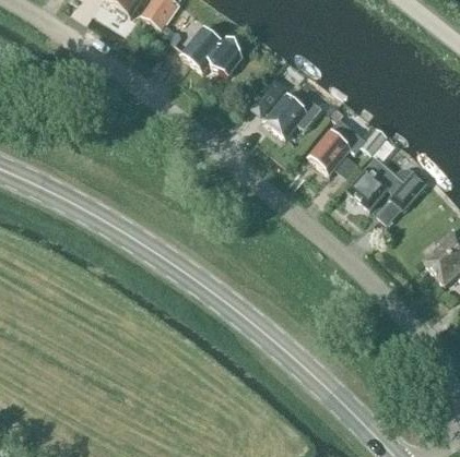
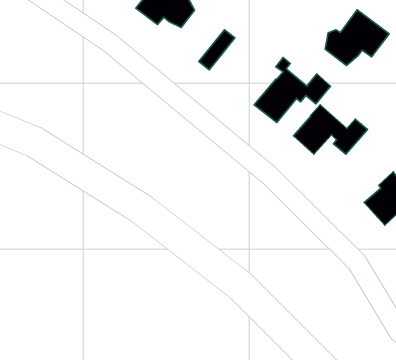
building: none -> [325,10,389,65]
building: [266,85,323,137] -> none

